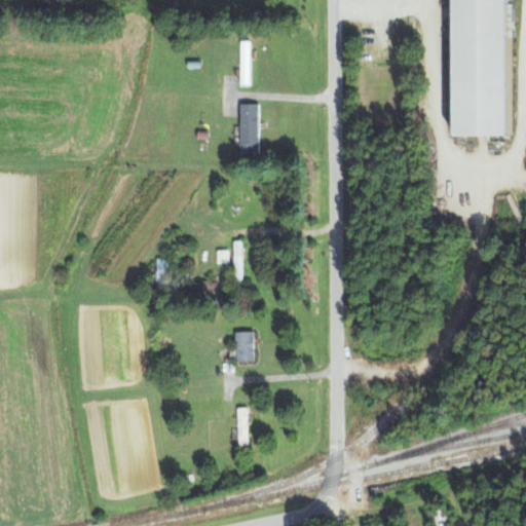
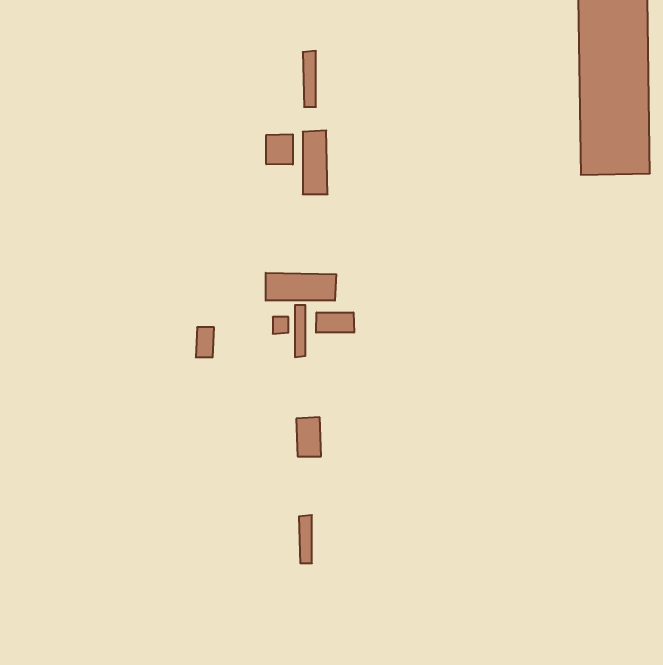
building: none -> [266,134,293,165]
building: none -> [266,273,336,301]
building: none -> [316,312,354,333]

